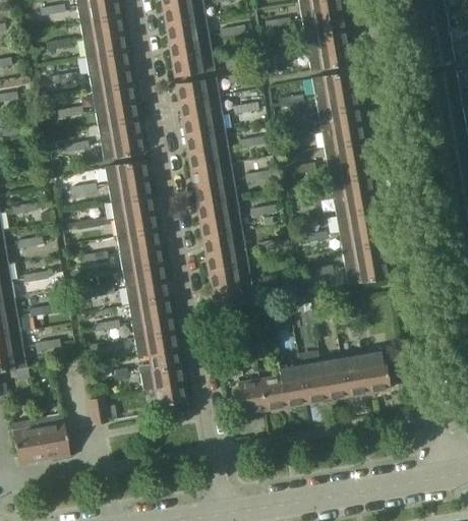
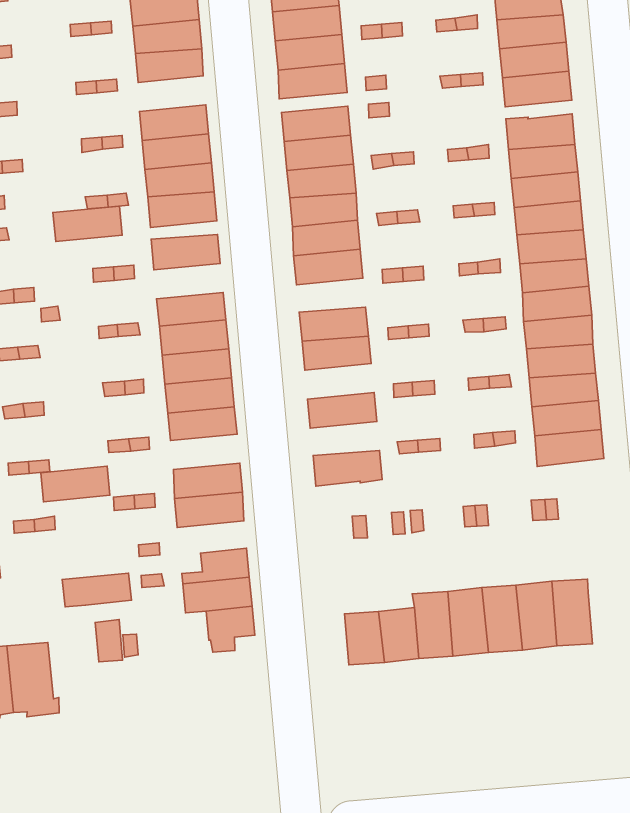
building: [89,66,130,91] -> none
building: [107,178,150,202] -> [53,206,122,242]
building: [193,180,236,204] -> none
building: [202,231,245,255] -> none
building: [209,266,251,289] -> none
building: [125,280,168,304] -> [41,466,110,502]
building: [133,332,176,355] -> [62,573,132,607]

